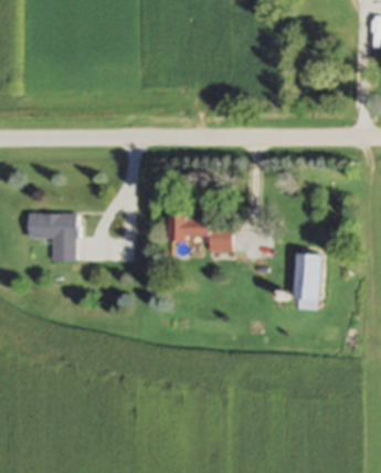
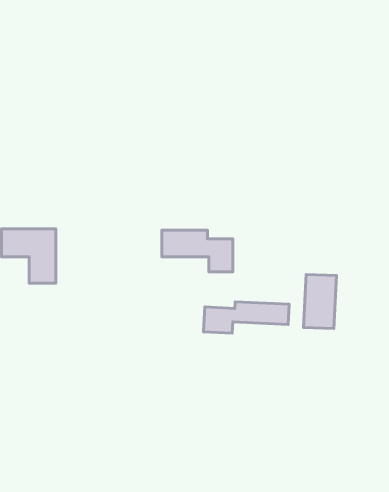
building: none -> [204,302,289,333]

